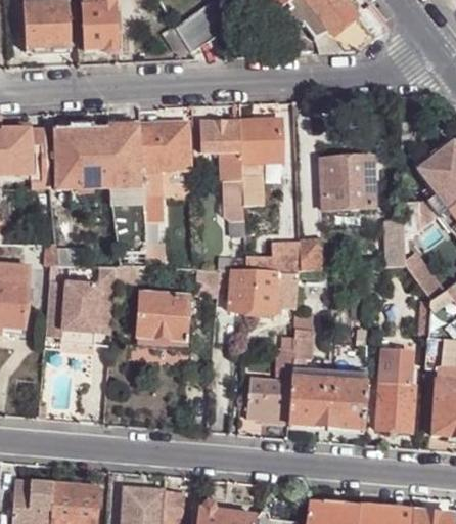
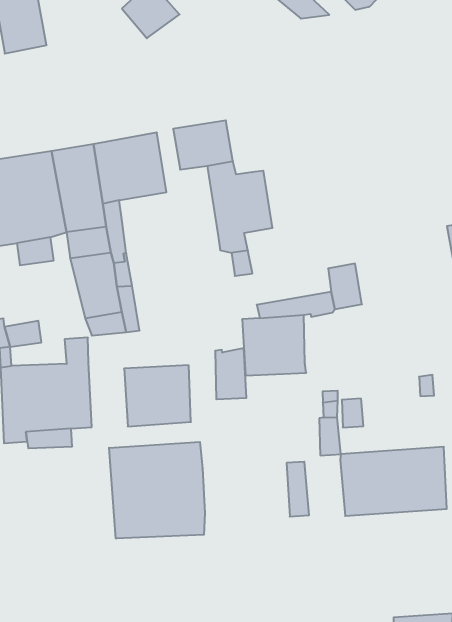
building: [240,118,283,160] -> none
building: [321,155,374,208] -> none
building: [274,270,300,308] -> [215,348,246,399]
building: none -> [109,442,205,539]
building: [262,379,290,423] -> none

